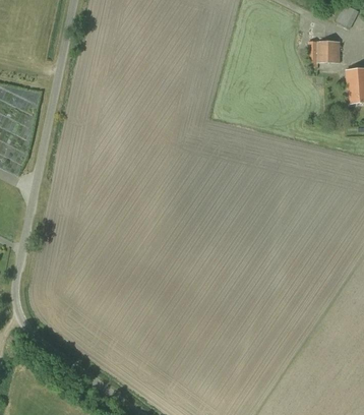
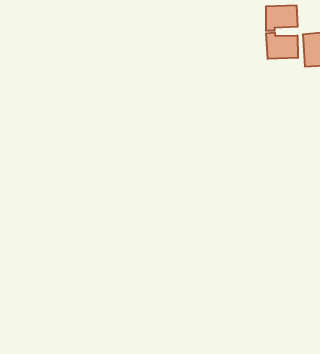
building: none -> [266,33,298,59]

